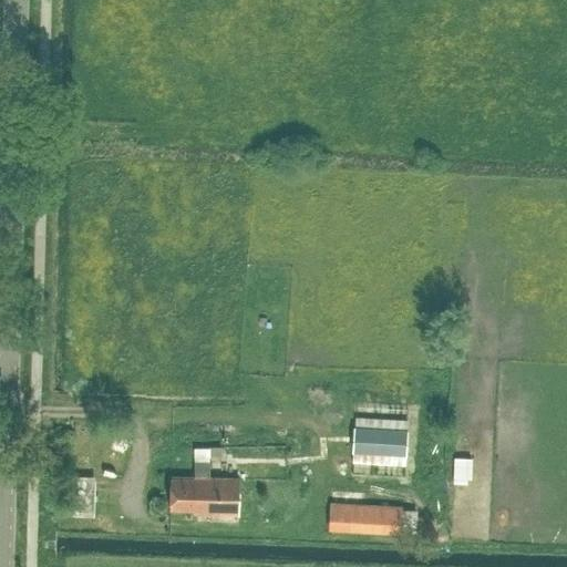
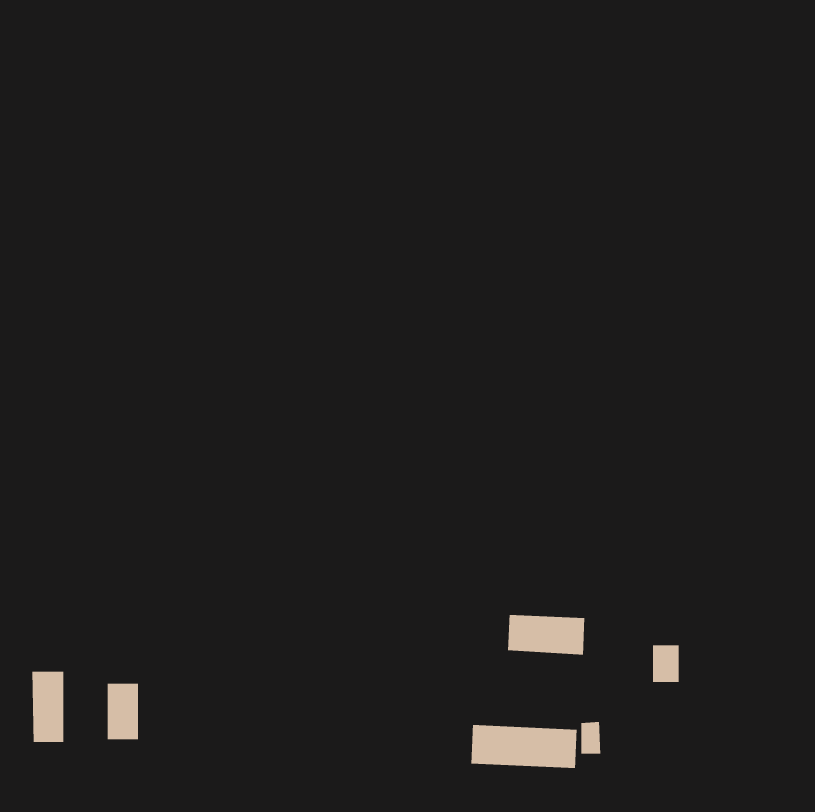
building: none -> [31,671,64,743]
building: [169,478,239,516] -> none

